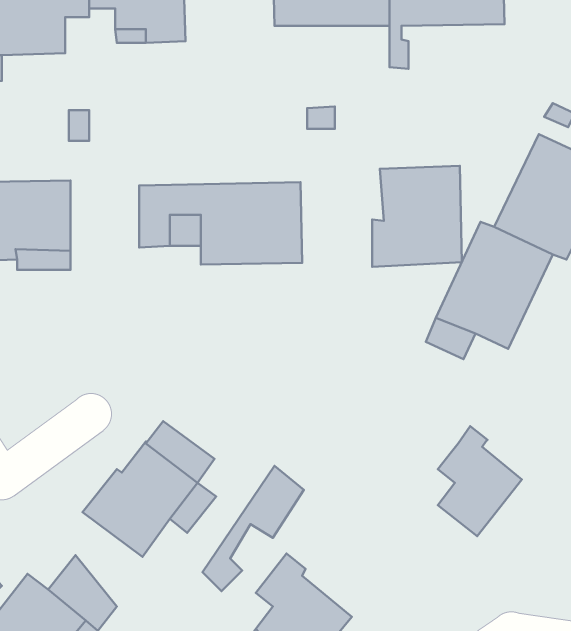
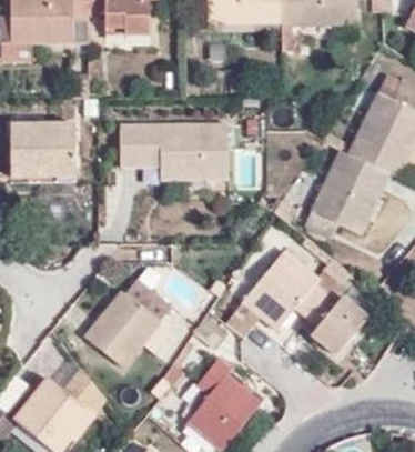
building: [372,166,462,267] -> none
building: none -> [242,249,326,327]

